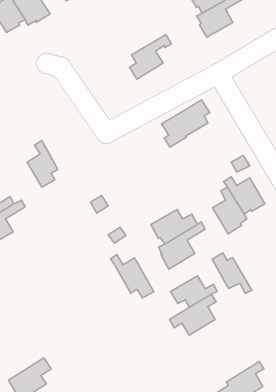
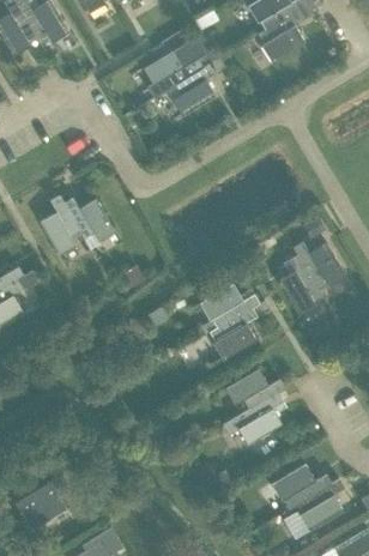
building: [161,100,210,147] -> [143,37,205,98]
building: none -> [63,197,115,241]
building: [212,253,252,293] -> none
building: [110,255,154,298] -> none
building: none -> [271,464,331,508]

